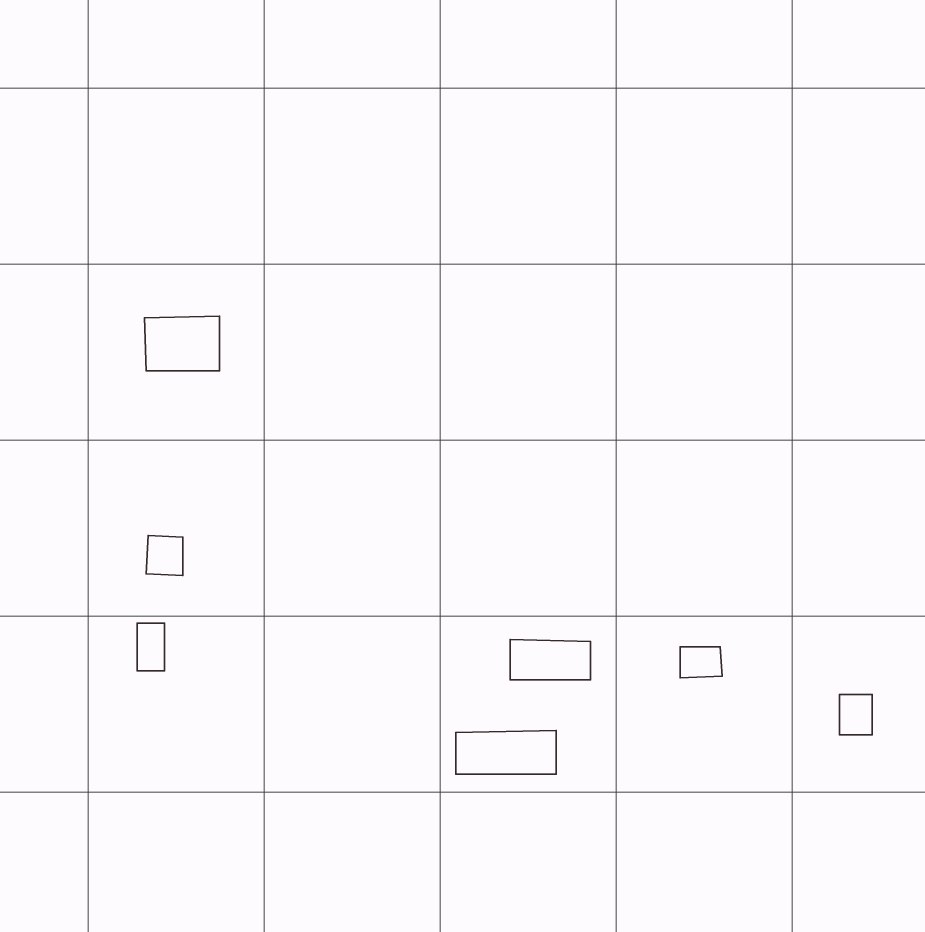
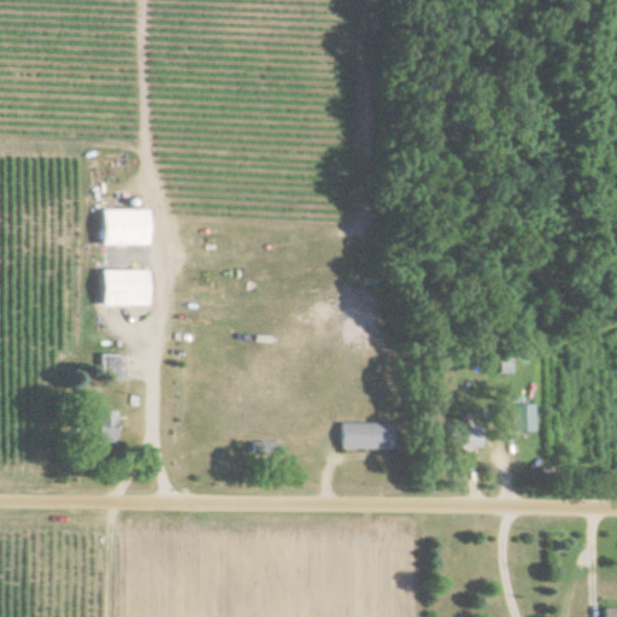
building: none -> [101,270,151,306]
building: [839,695,872,735] -> [518,404,540,430]
building: [456,730,556,774] -> none

